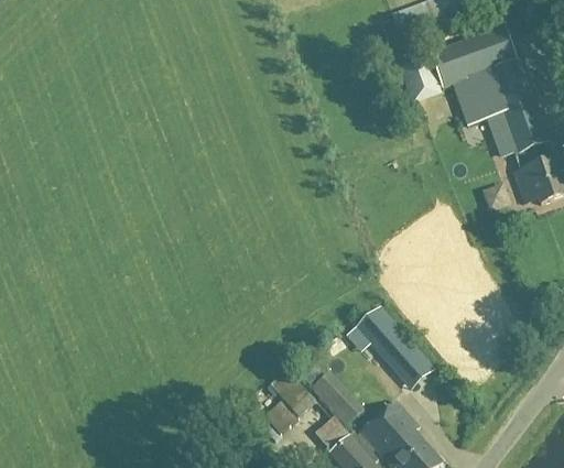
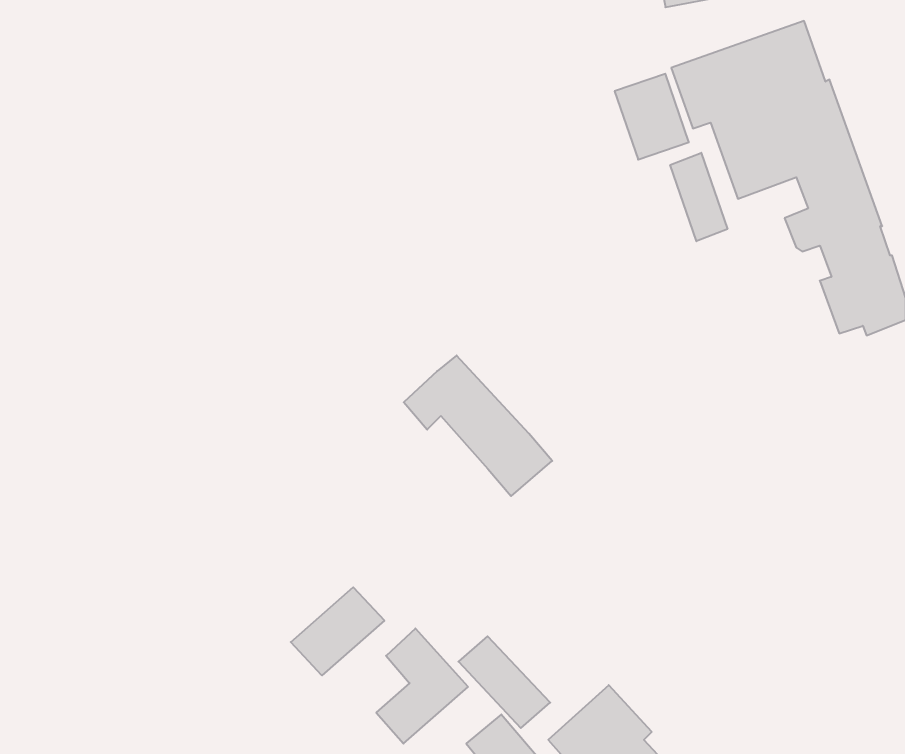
building: none -> [670,153,727,241]
building: [349,308,433,388] -> [404,355,552,496]
building: none -> [291,587,384,675]

